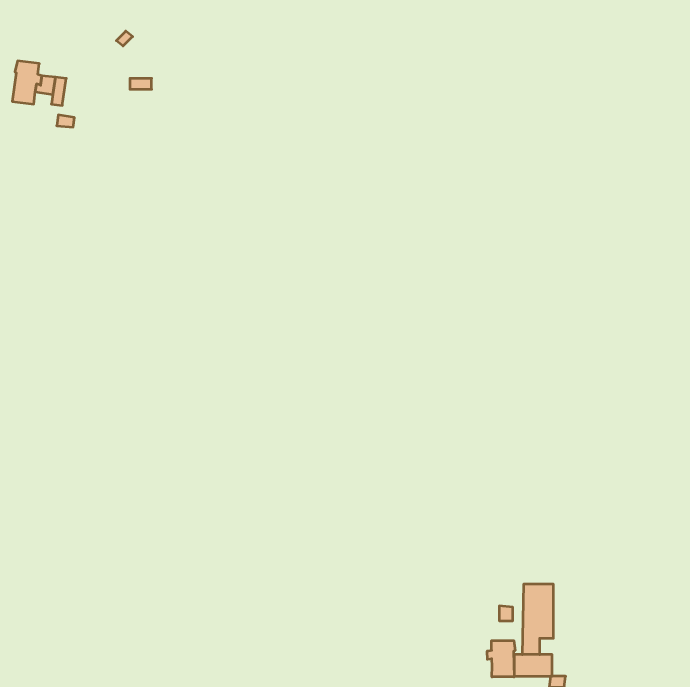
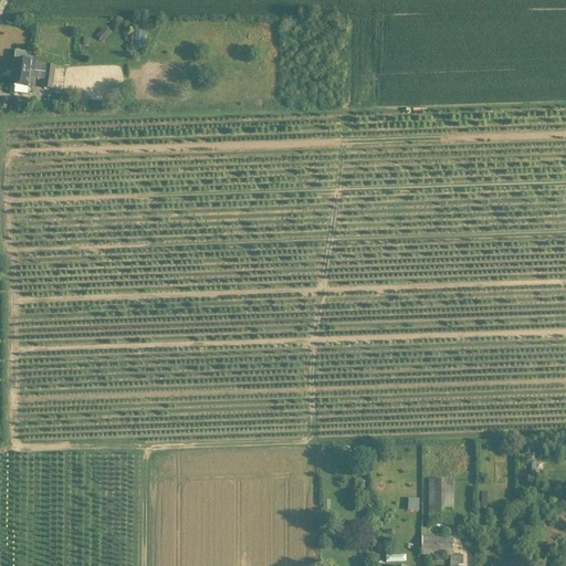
building: [487,641,515,677] -> none

